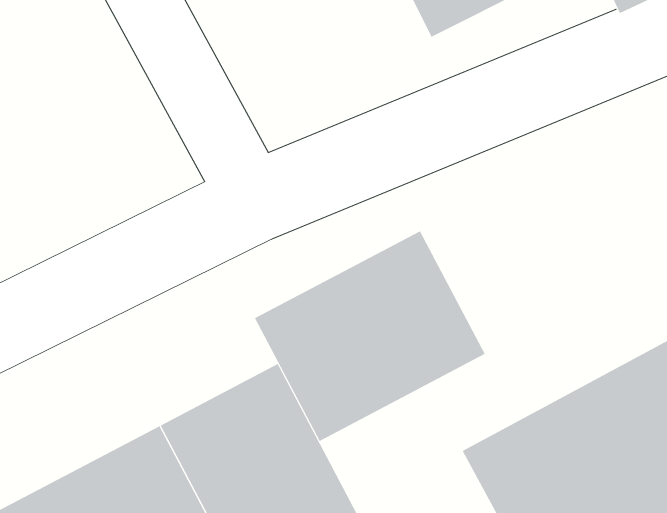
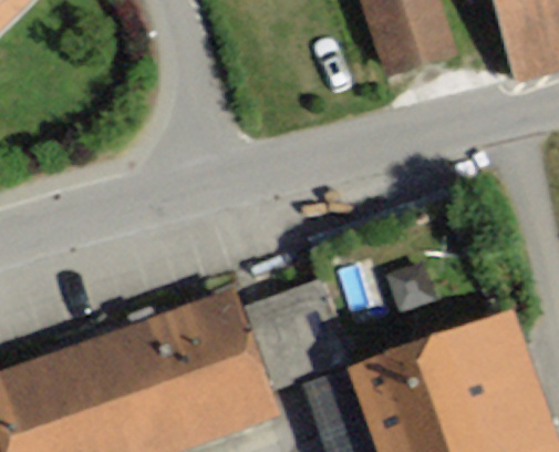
building: [254,230,486,442] -> none

